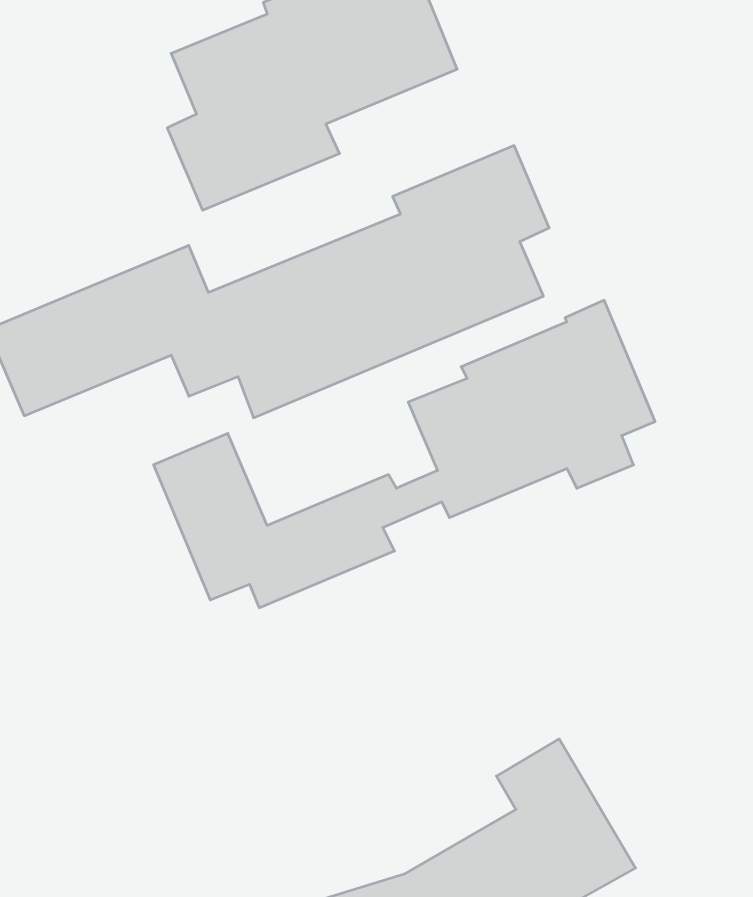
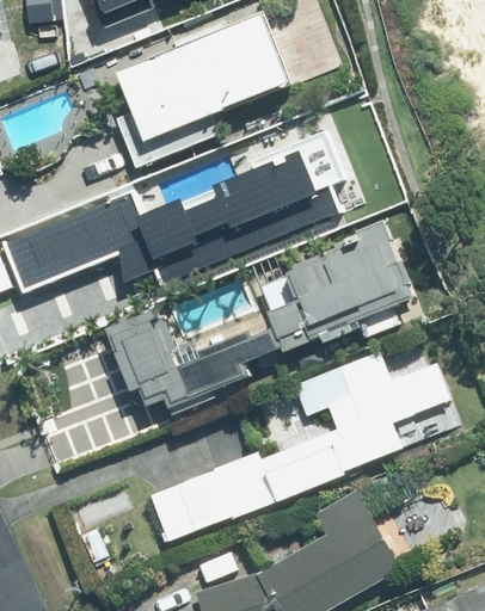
building: none -> [147,351,448,541]

